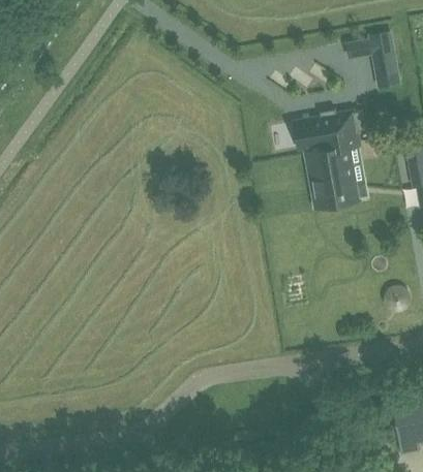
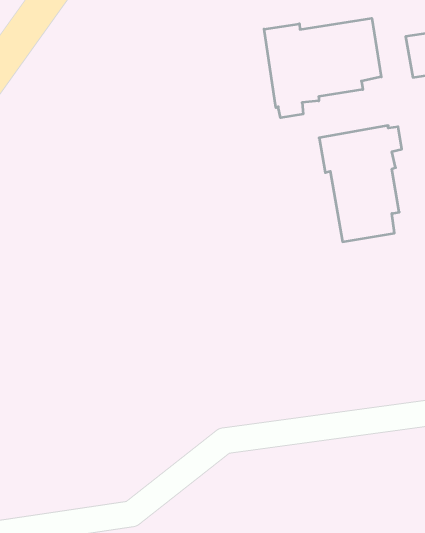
building: none -> [264,18,381,118]

